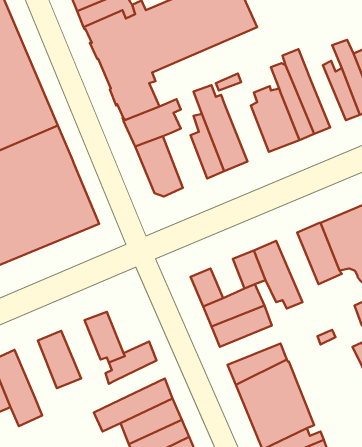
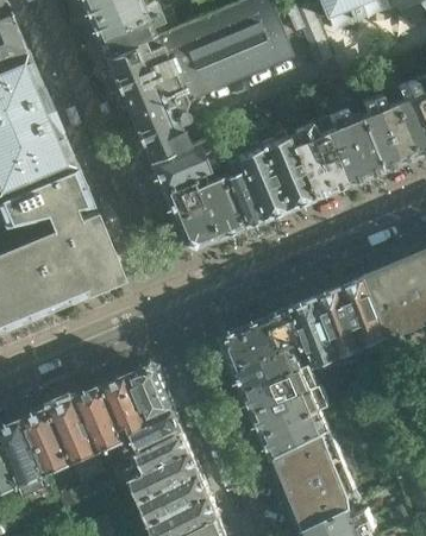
building: none -> [357,100,396,170]
building: none -> [259,133,309,208]
building: none -> [190,169,240,238]
building: none -> [318,288,371,368]
building: none -> [244,317,282,361]
building: none -> [127,367,175,423]
building: none -> [76,386,125,452]
building: none -> [255,392,322,436]
building: none -> [24,409,71,473]
building: none -> [130,431,193,480]

